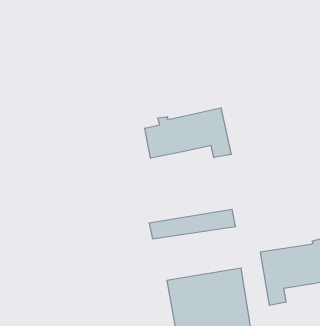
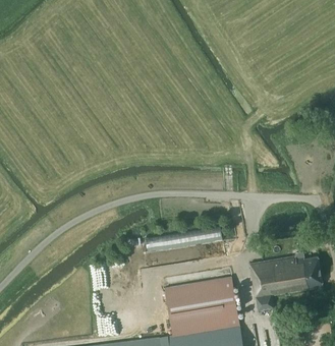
building: [145,108,231,158] -> none

